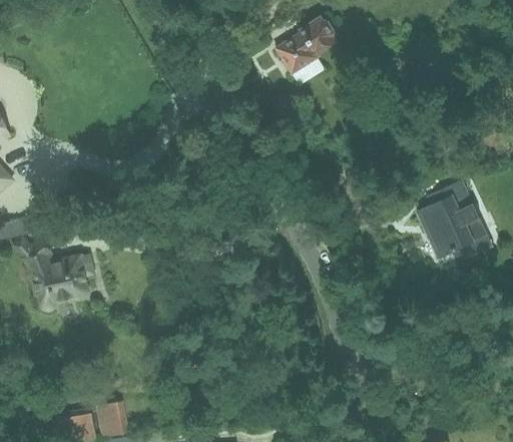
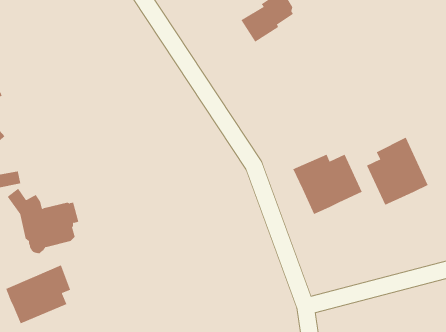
building: none -> [292,154,363,215]
building: none -> [6,265,71,324]

